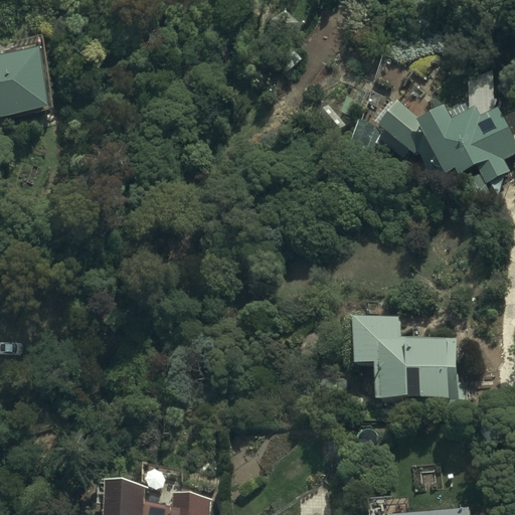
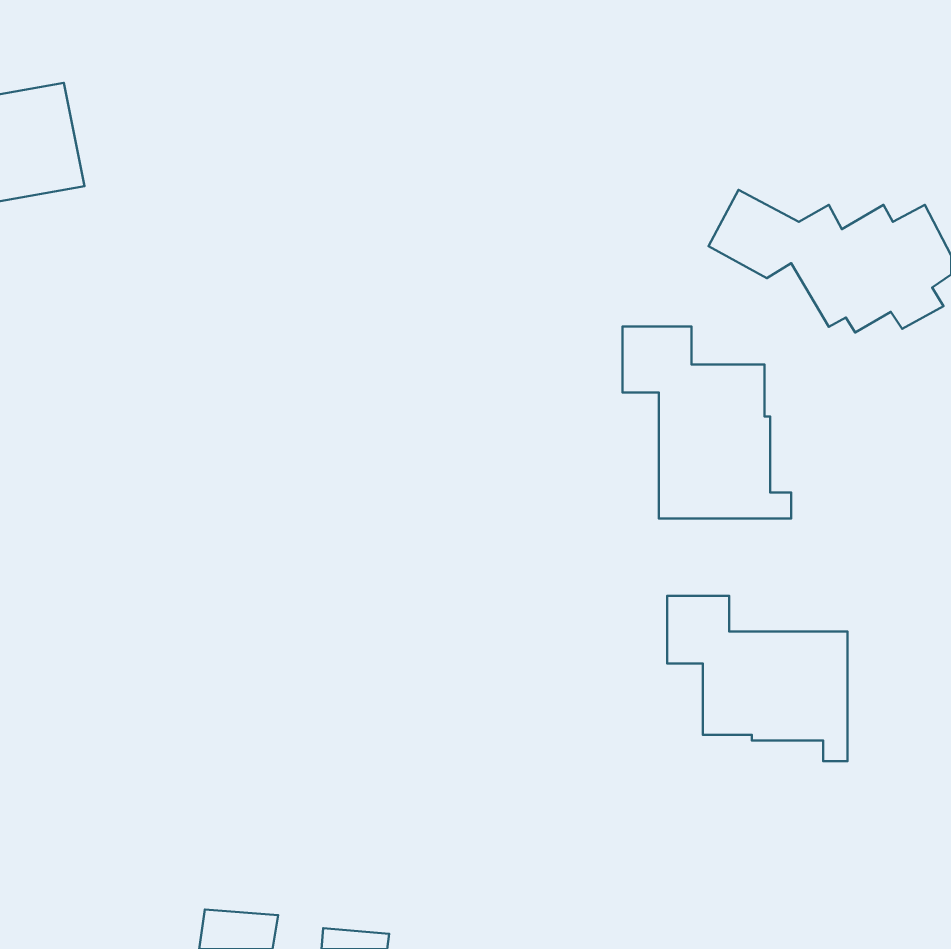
building: none -> [623,327,791,518]

